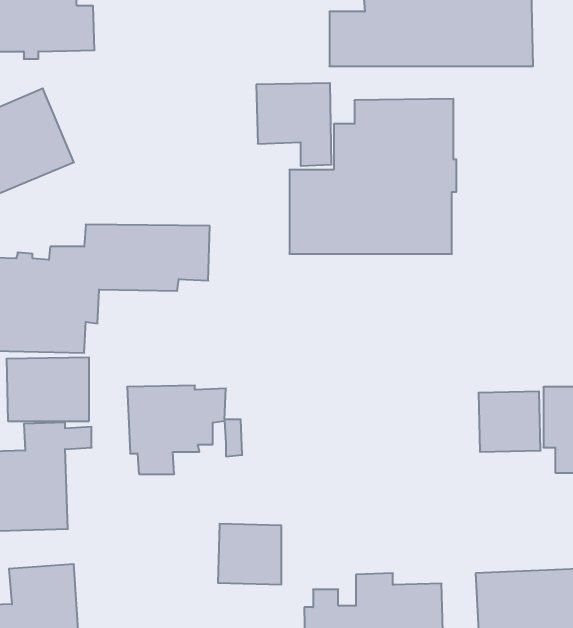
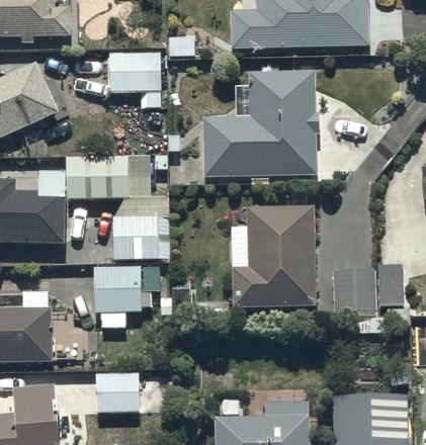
building: [256,83,332,166] -> [109,51,161,107]
building: none -> [231,206,316,307]
building: [6,357,89,421] -> [113,216,170,260]
building: [218,524,281,584] -> [96,370,140,412]

